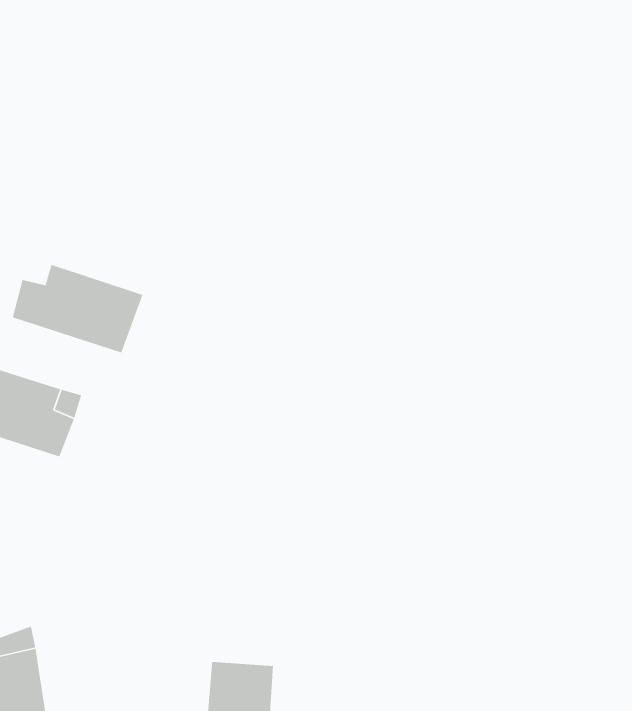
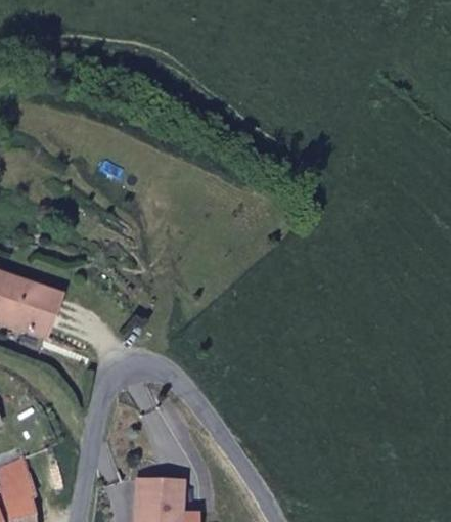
building: [12,264,143,354] -> none

